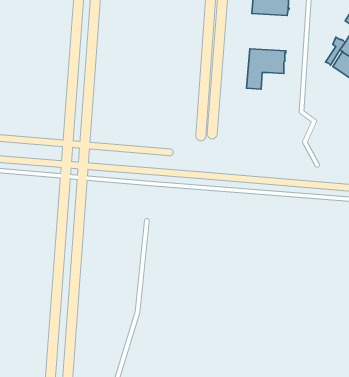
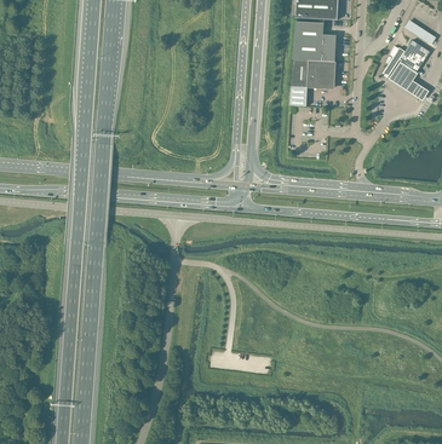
building: none -> [293,21,337,60]

